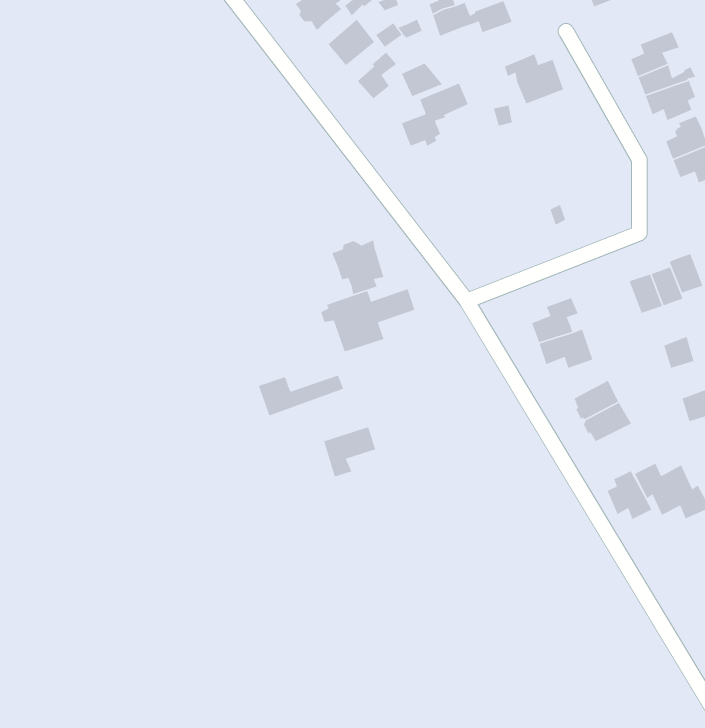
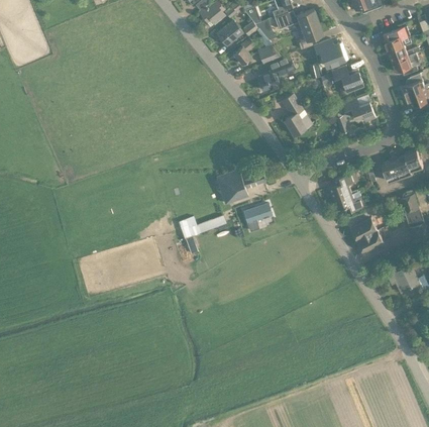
building: none -> [298,21,322,48]
building: none -> [330,66,363,93]
building: none -> [282,94,311,134]
building: none -> [341,97,374,122]
building: [331,239,384,295] -> none
building: [323,426,376,477] -> [242,203,272,231]
building: [606,470,652,520] -> none

